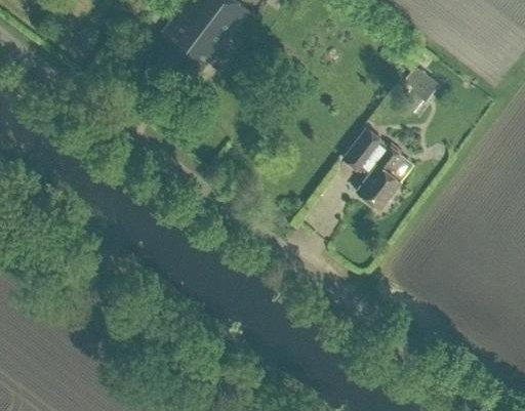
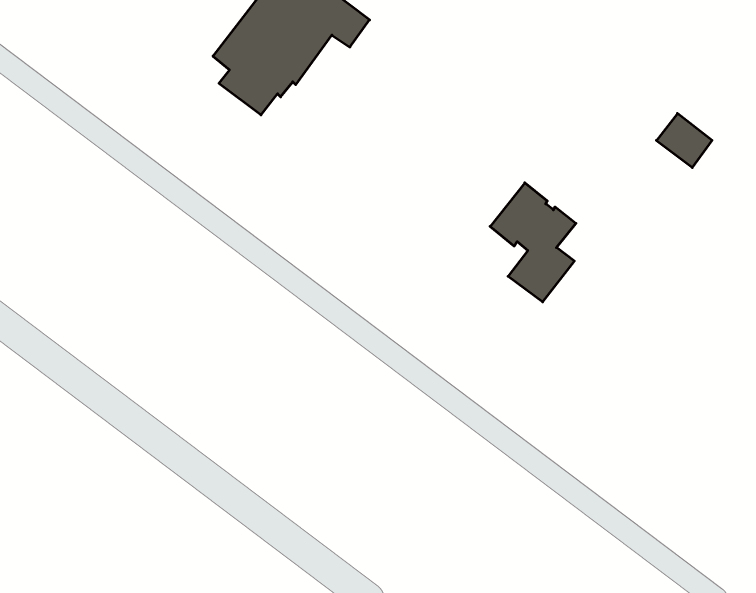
building: [402,68,440,105] -> [656,113,712,168]

